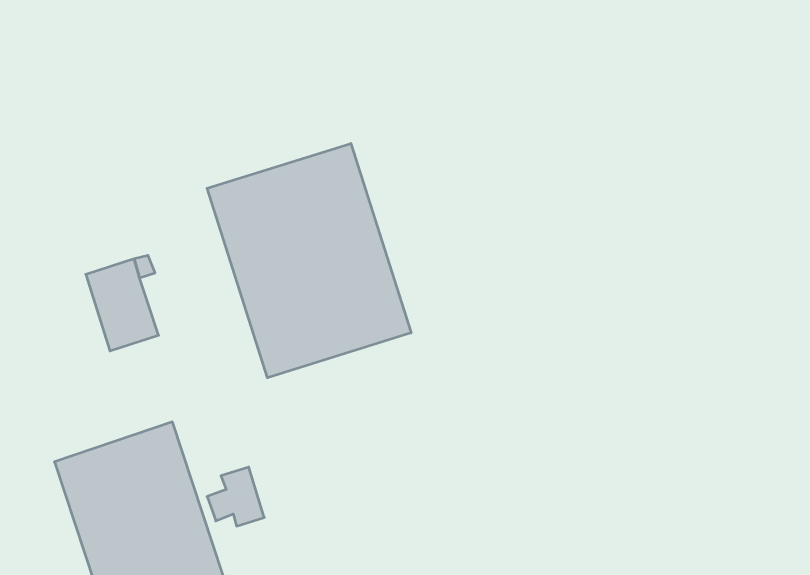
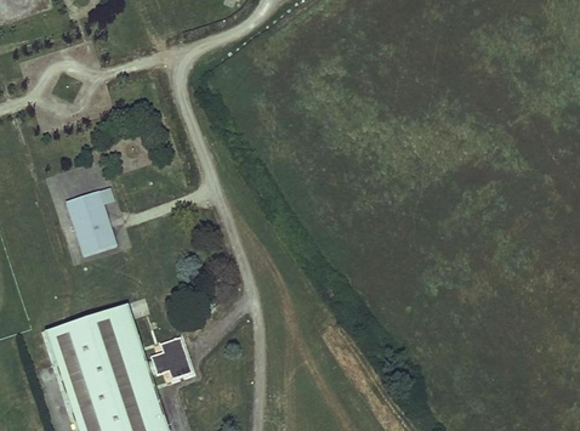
building: [207,143,411,378] -> none

